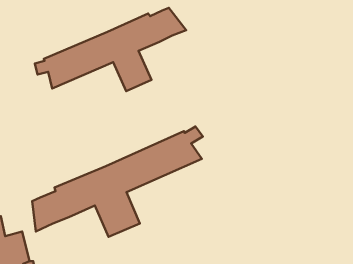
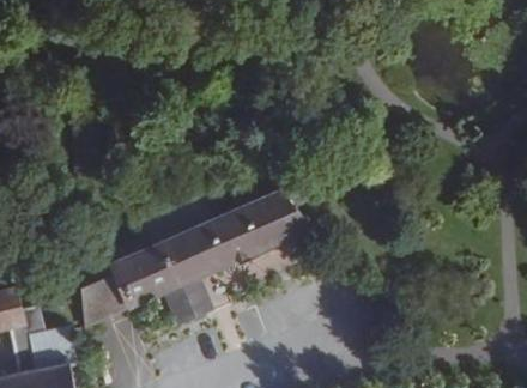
building: [35,8,186,91] -> none

